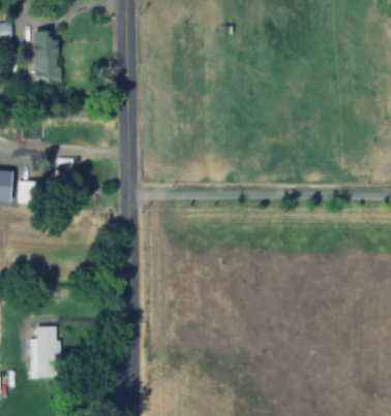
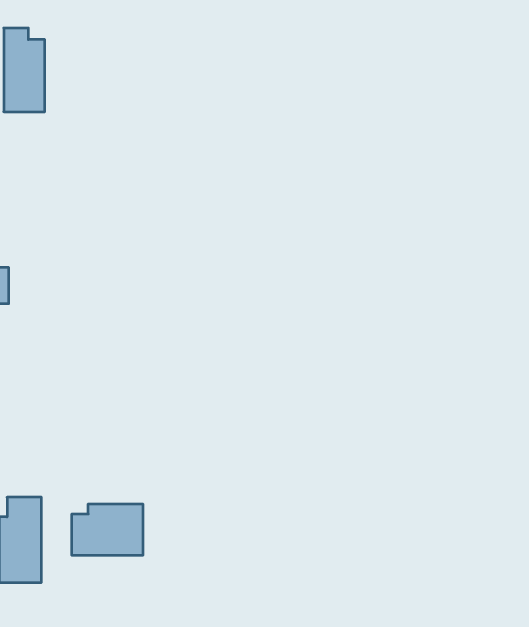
building: none -> [72,504,143,555]

